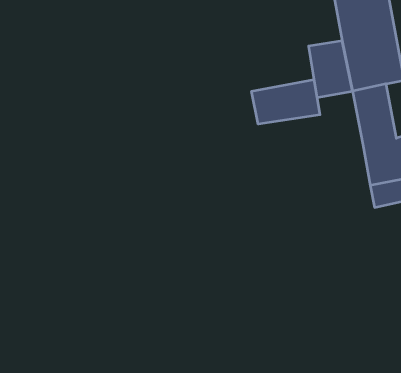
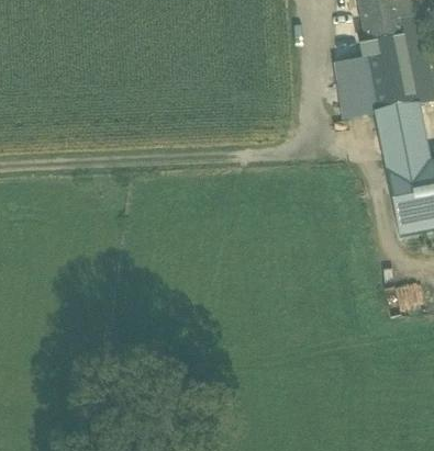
building: [252,80,320,124] -> none

